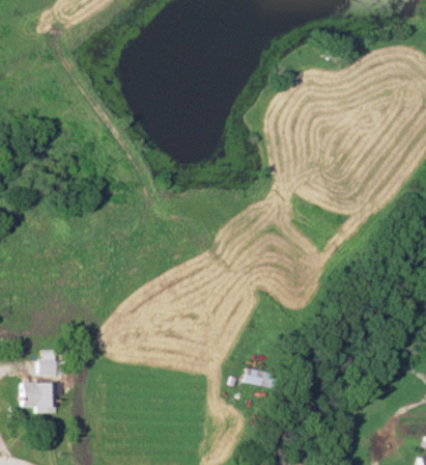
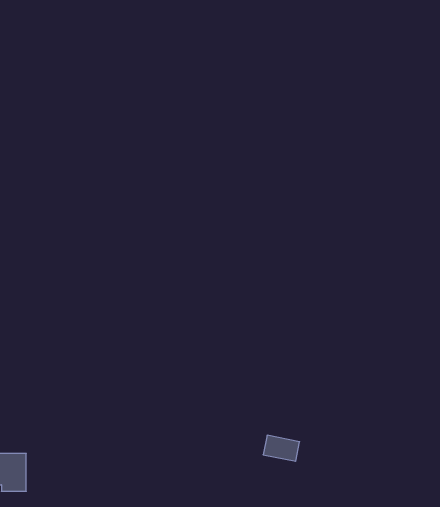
building: [38,351,57,377] -> none

